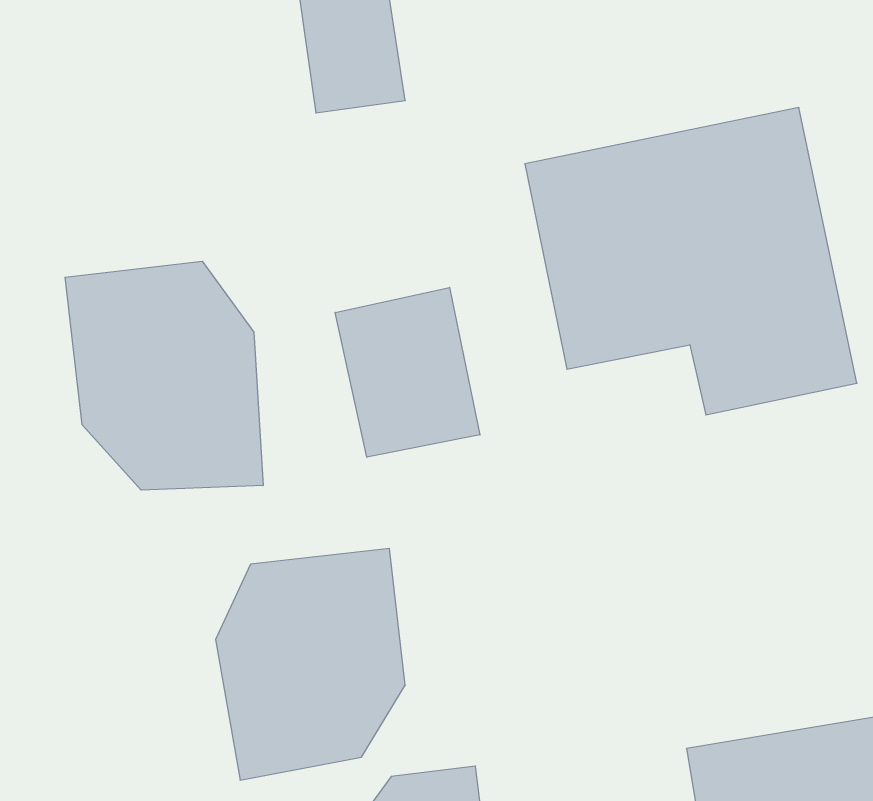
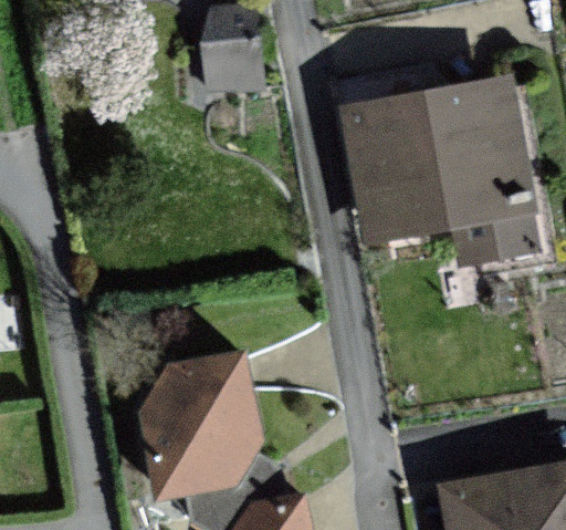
building: [65,261,263,490] -> none
building: [335,287,480,457] -> none

